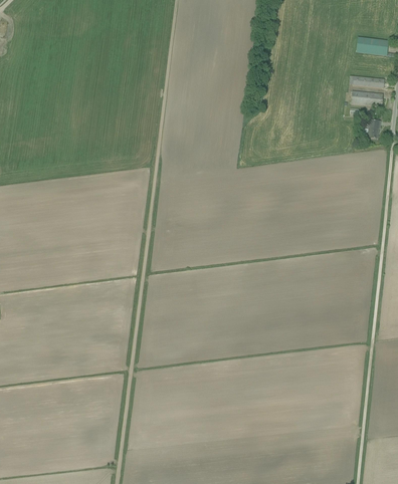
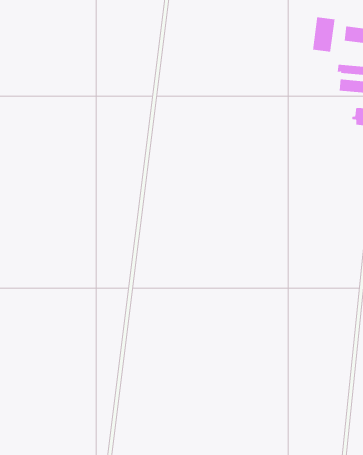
building: none -> [312,17,335,52]

